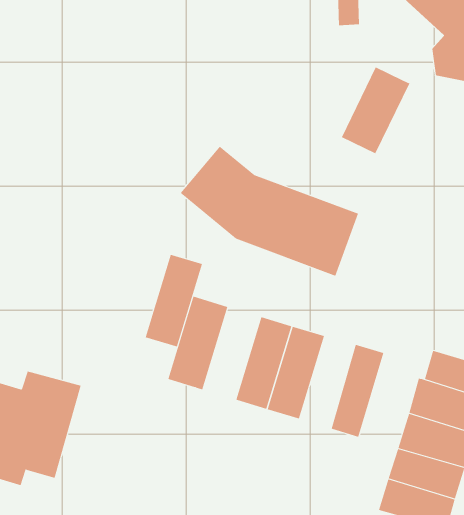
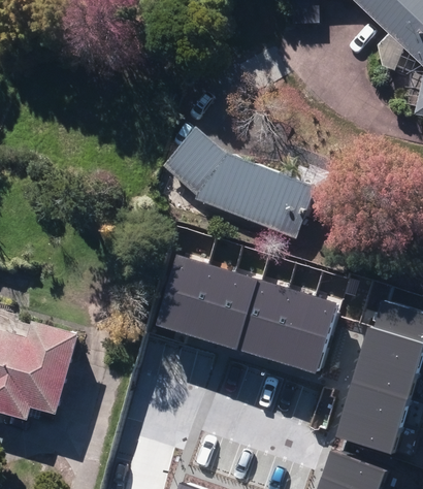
building: [341,66,410,154] -> none
building: [145,254,203,347] -> [184,264,233,344]
building: none -> [266,289,314,368]

